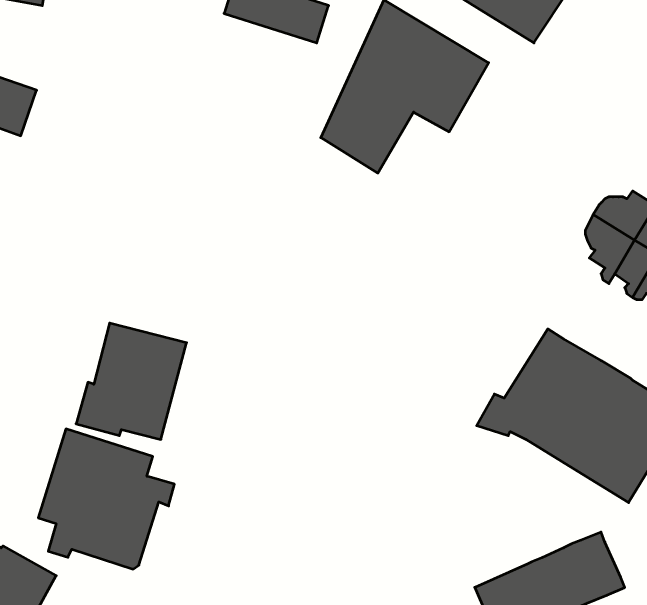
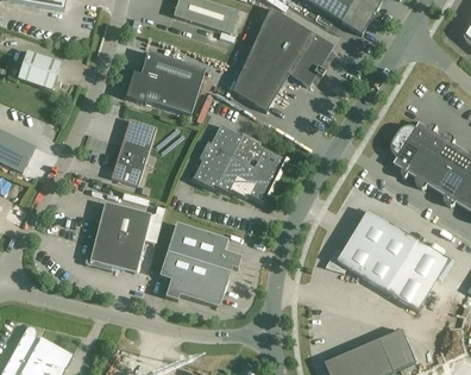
building: none -> [125,50,205,114]
building: none -> [111,118,156,185]
building: none -> [191,124,287,201]
building: [38,429,174,569] -> [159,221,241,306]

